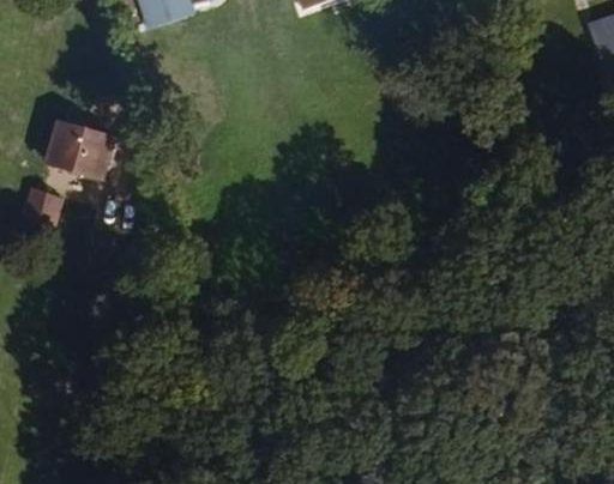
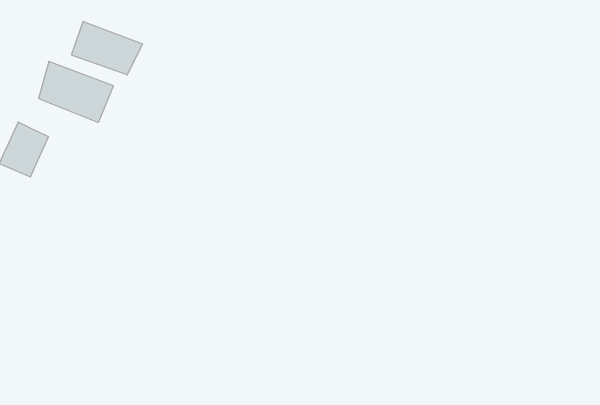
building: none -> [71,21,143,75]

